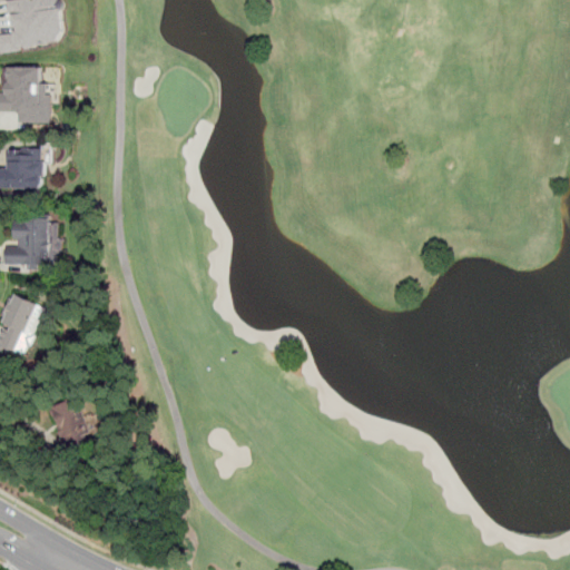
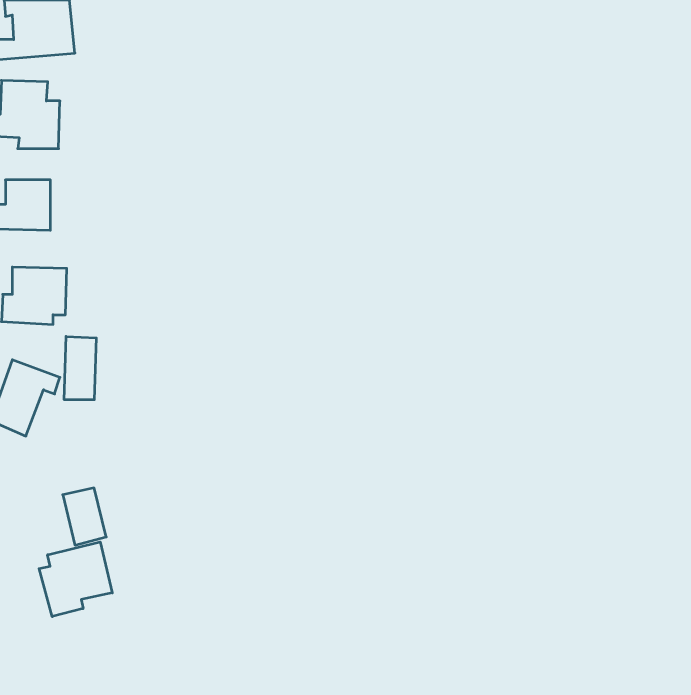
building: none -> [64,336,96,400]
building: none -> [39,542,112,617]

